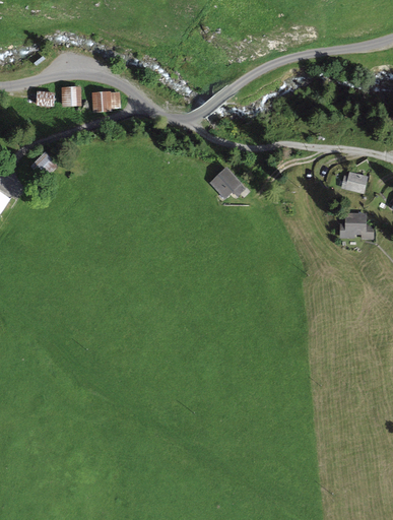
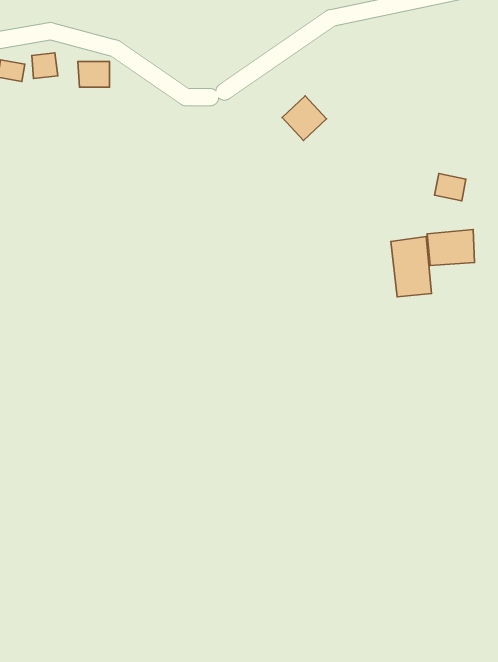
building: [208,166,240,197] -> [282,96,327,140]
building: none -> [391,236,431,297]

